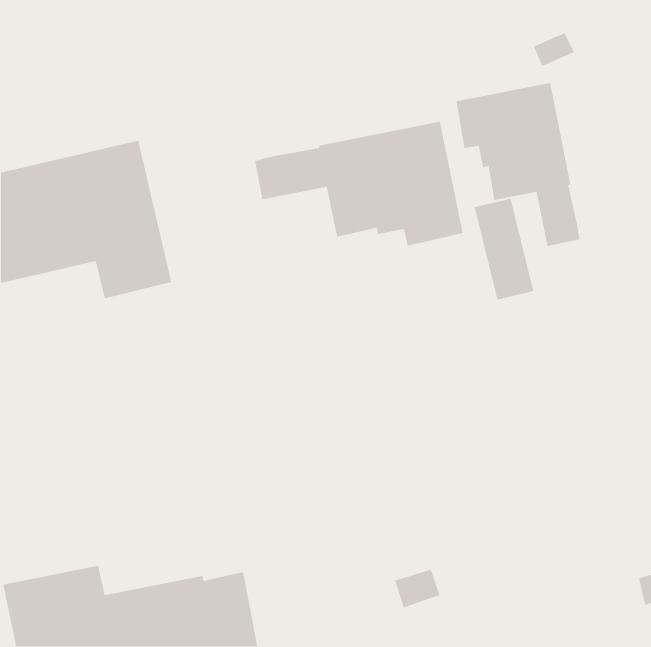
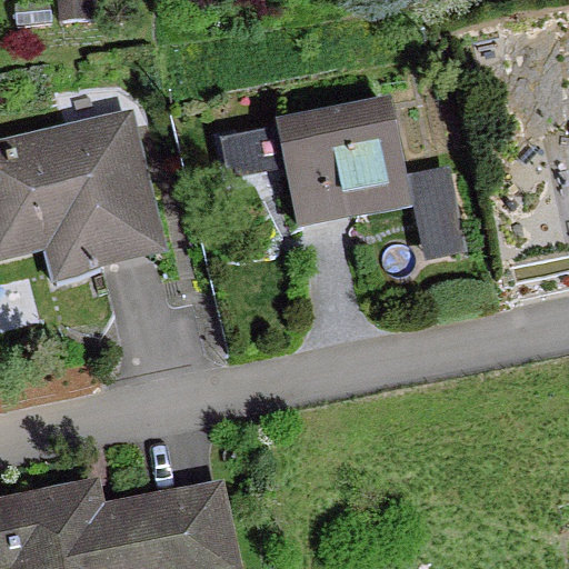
building: [456,82,580,247] -> none

